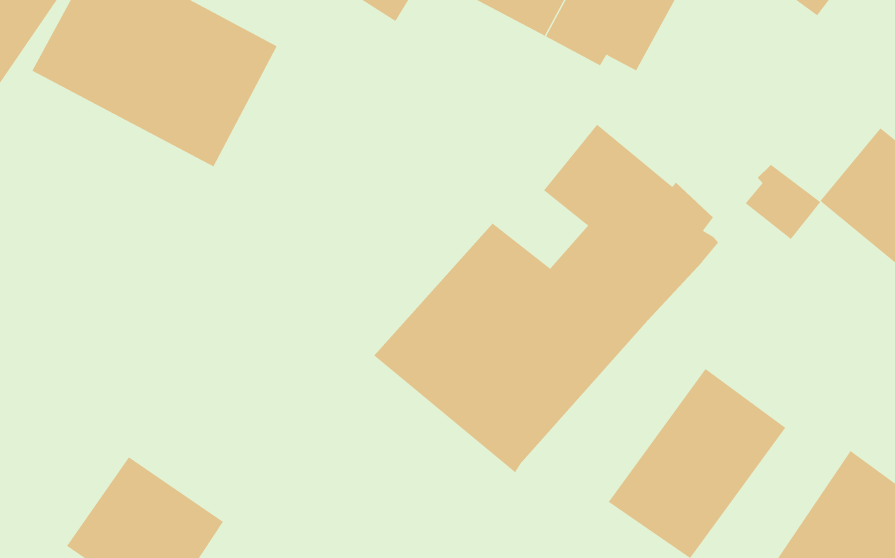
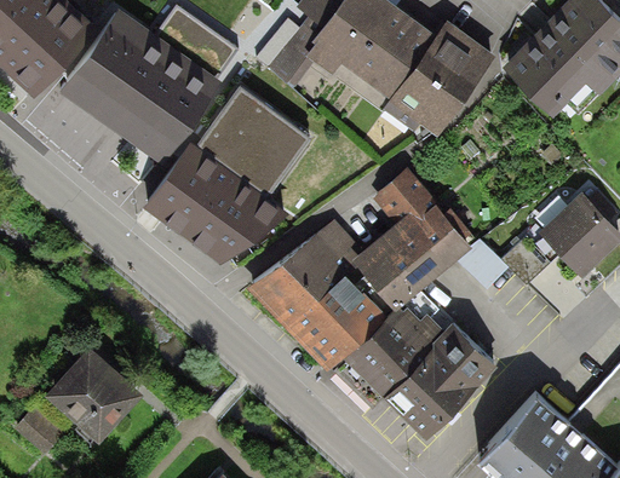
building: none -> [143,88,309,266]
building: [745,164,821,240] -> [460,238,507,287]
building: none -> [332,292,455,408]

